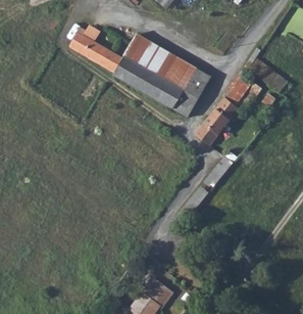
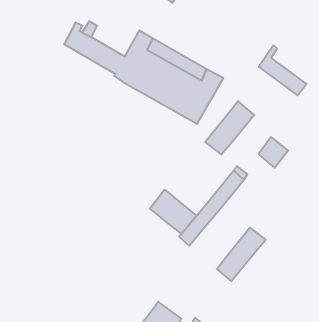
building: [223,80,250,107] -> [259,137,288,168]
building: none -> [150,190,197,234]
building: none -> [217,228,266,281]

